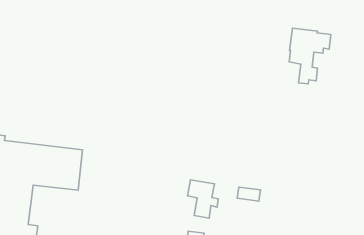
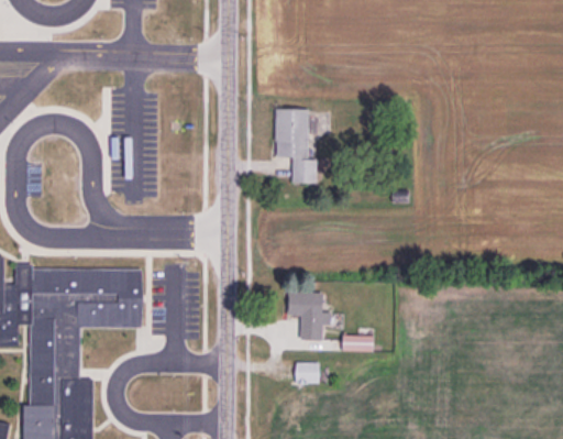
building: [289,28,331,84] -> [275,110,328,183]
building: [237,187,260,201] -> [342,336,372,351]

